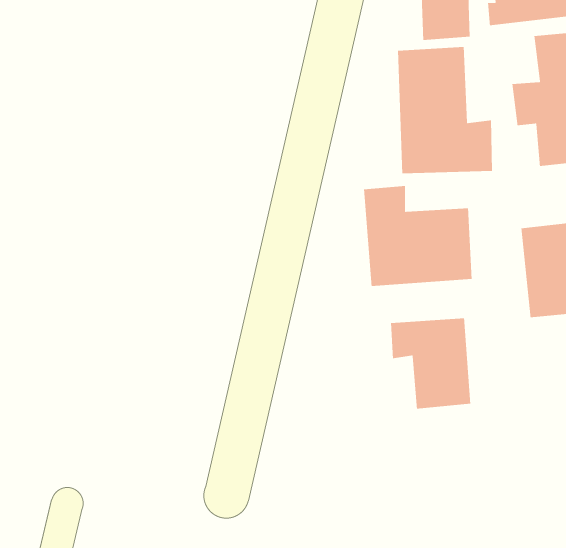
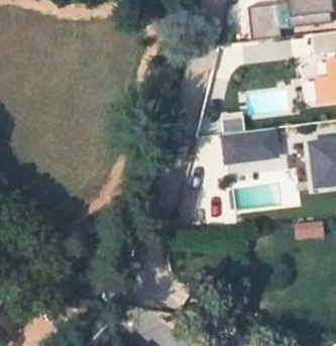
building: [397,46,493,174] -> none
building: [390,317,471,410] -> none

